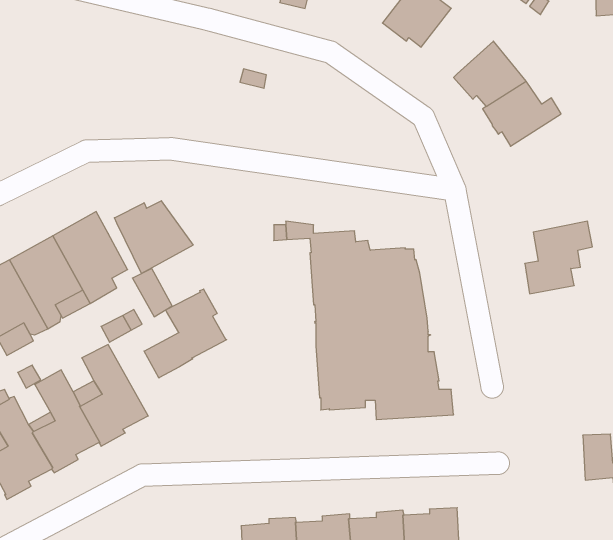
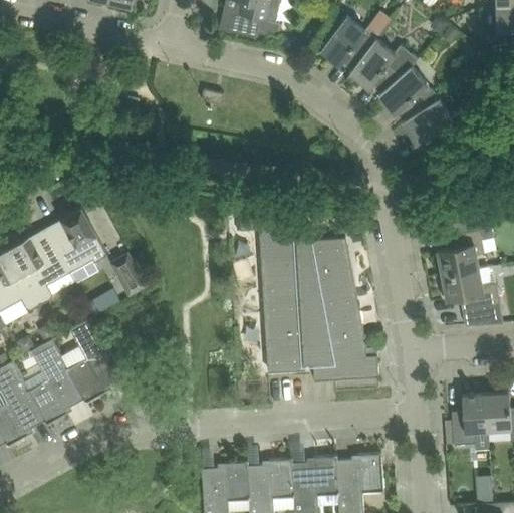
building: none -> [348,39,417,93]
building: [114,201,193,274] -> none
building: none -> [439,266,500,325]
building: [144,289,227,378] -> none
building: none -> [451,393,488,450]

